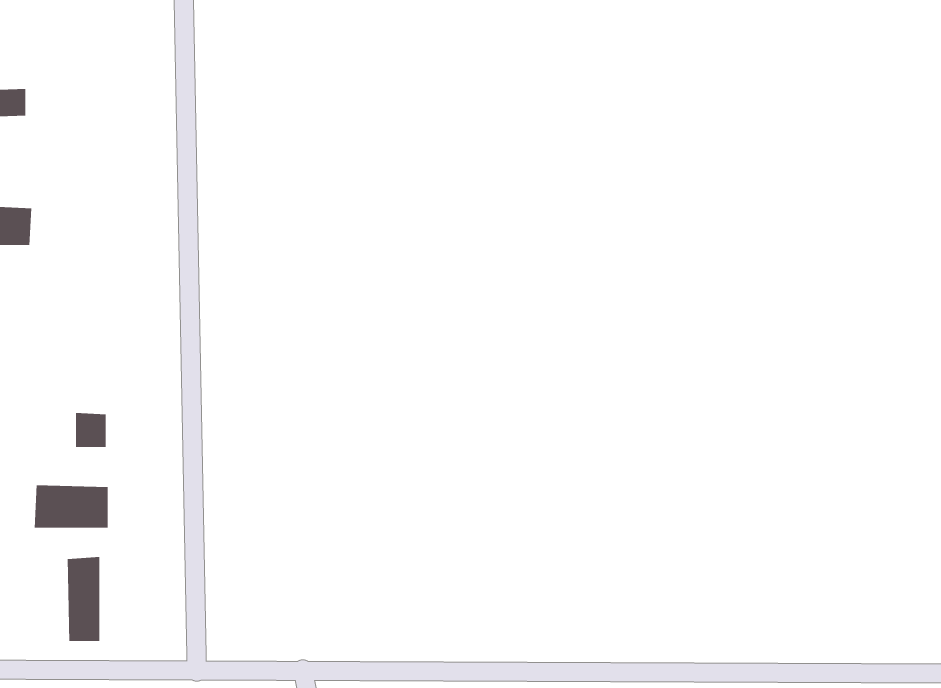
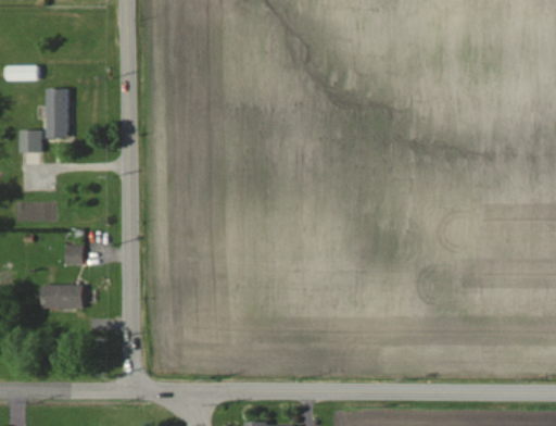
building: none -> [45,89,67,138]
building: [67,556,100,642] -> none

